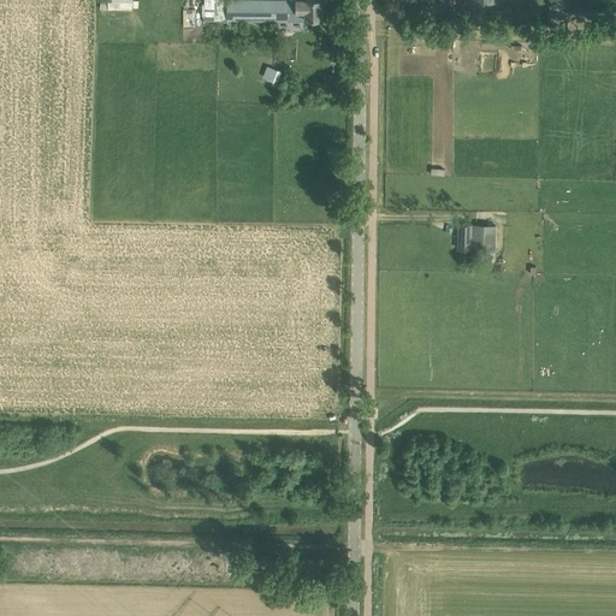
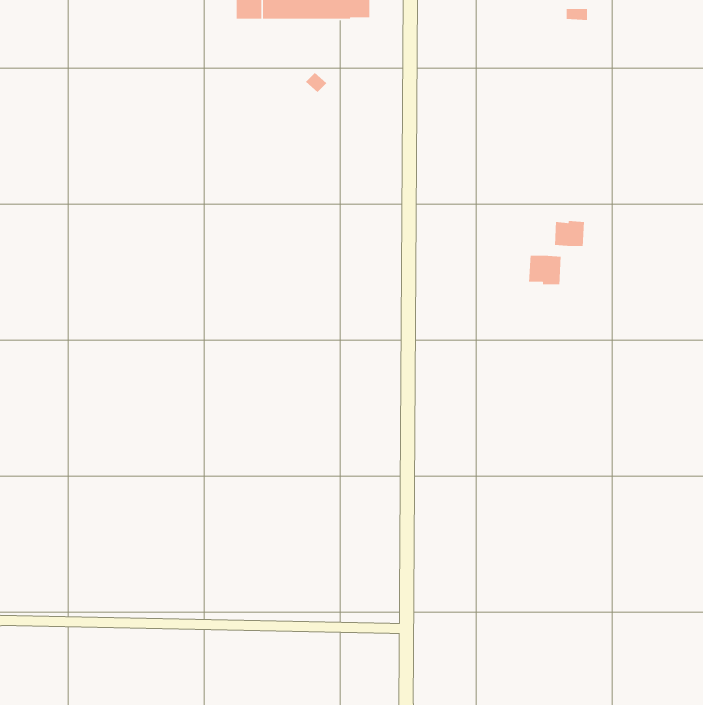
building: none -> [554,220,585,247]

